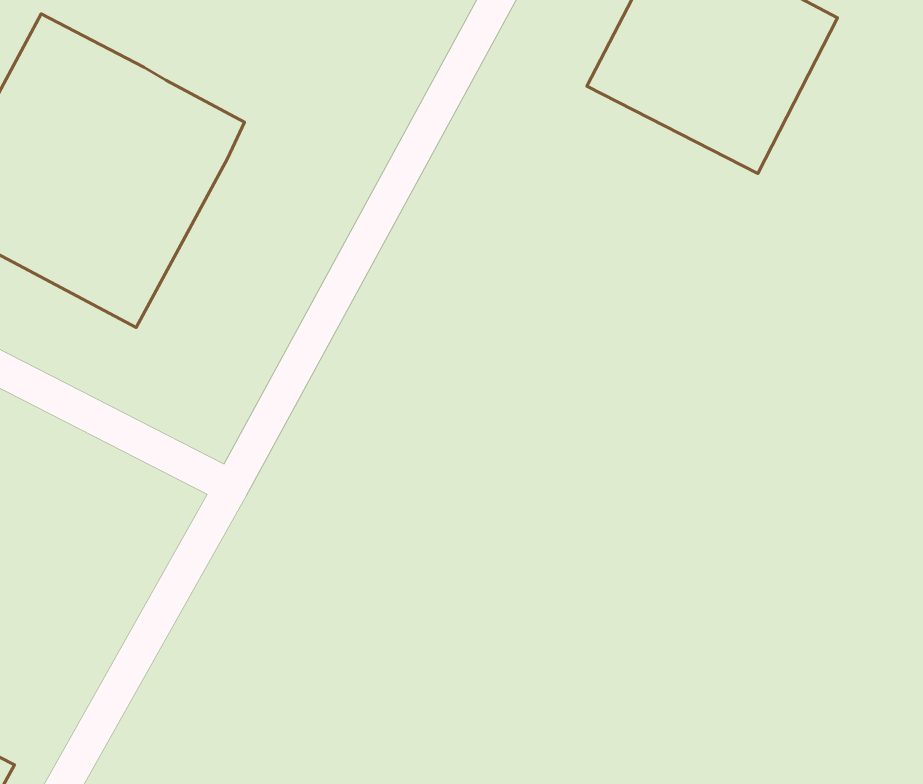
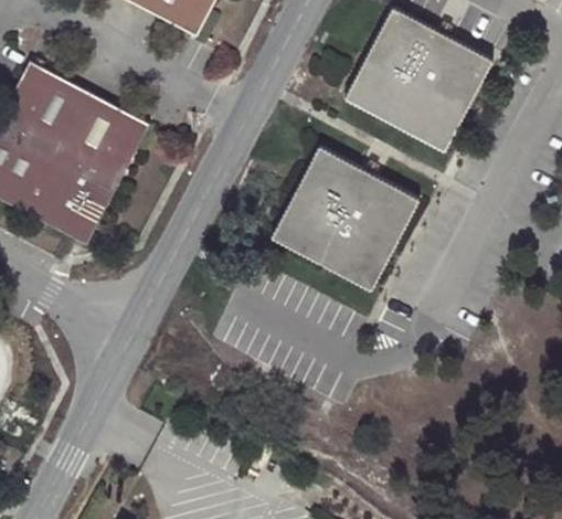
building: none -> [272,149,416,289]

